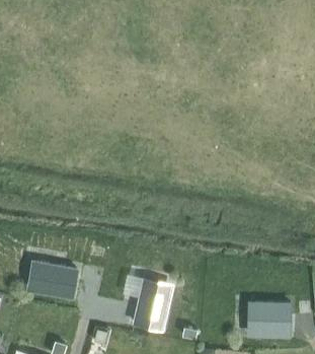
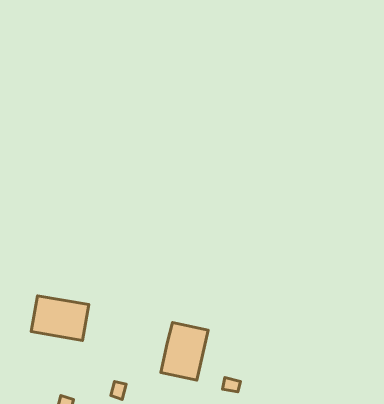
building: [252,302,290,336] -> none

